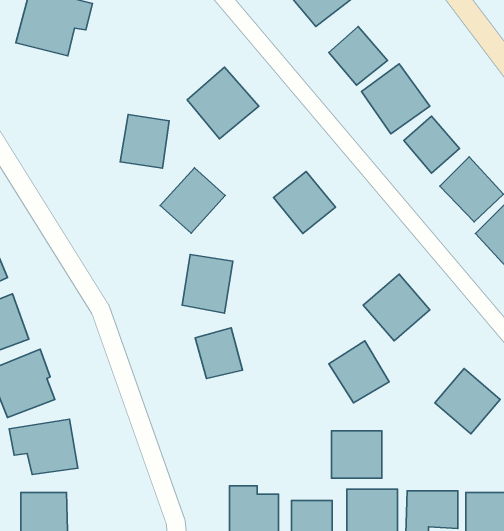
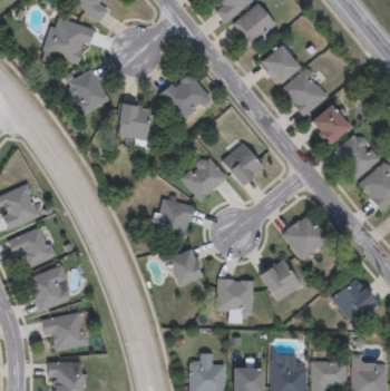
building: none -> [66,69,110,115]
building: [160,168,225,233] -> [182,155,226,199]
building: [331,431,382,478] -> [217,280,252,312]

